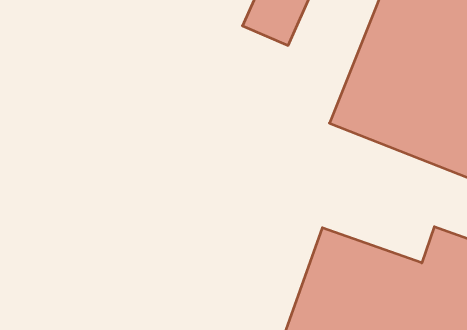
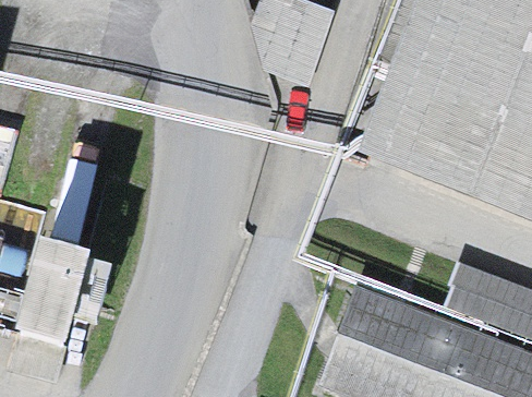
building: none -> [17,234,95,344]

